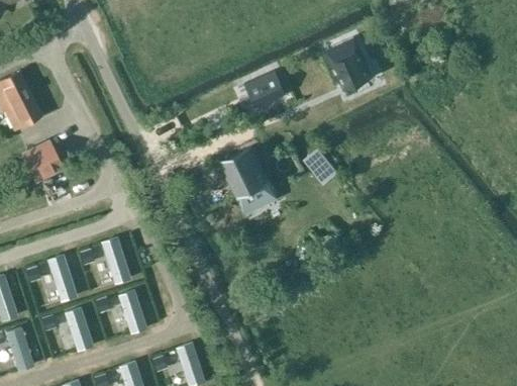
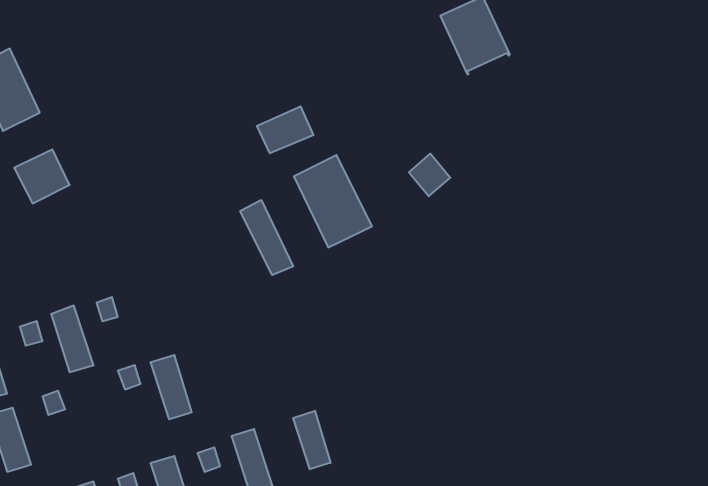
building: [245,69,286,102] -> [257,106,314,153]
building: none -> [240,200,293,275]
building: [102,237,132,285] -> none
building: [66,307,95,353] -> none
building: none -> [293,411,331,469]

